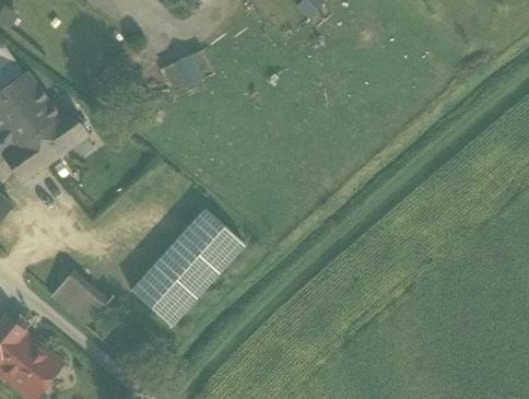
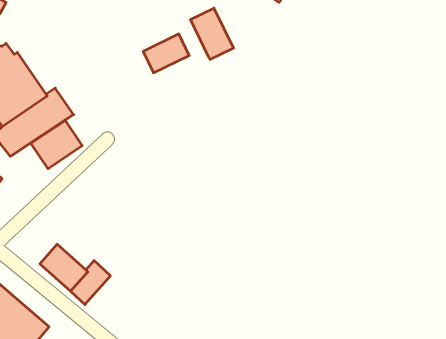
building: none -> [191,8,234,59]
building: none -> [31,120,82,169]
building: [131,207,245,326] -> none

